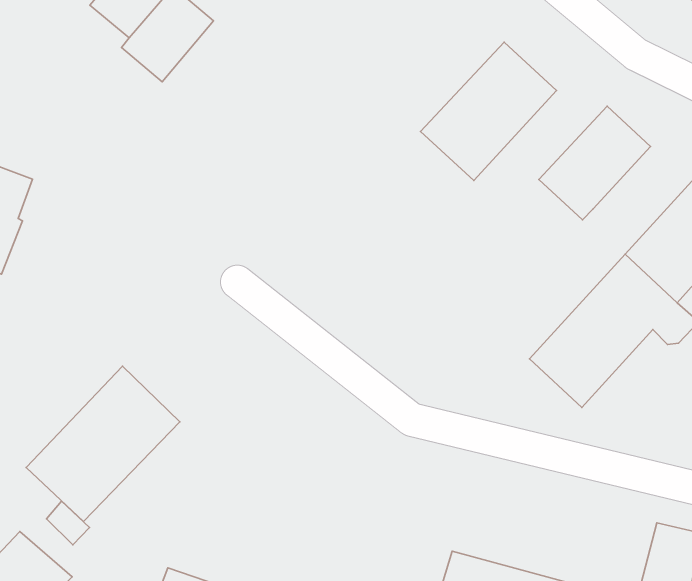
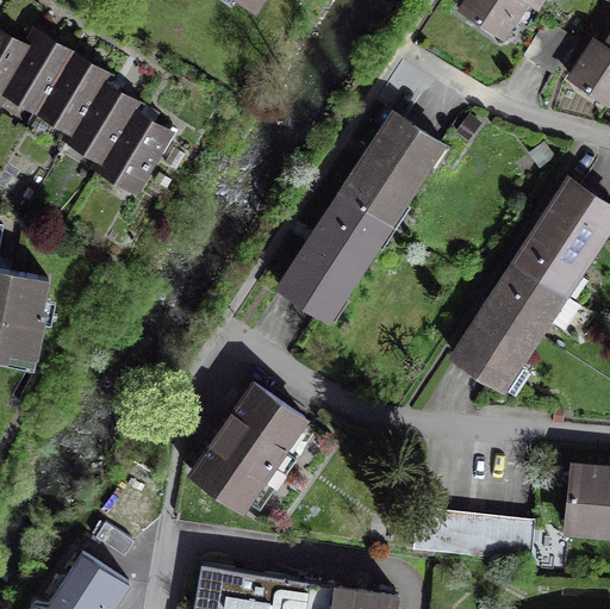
building: [539,106,651,220] -> none
building: none -> [280,194,390,318]
building: [26,366,180,522] -> [192,384,305,509]

